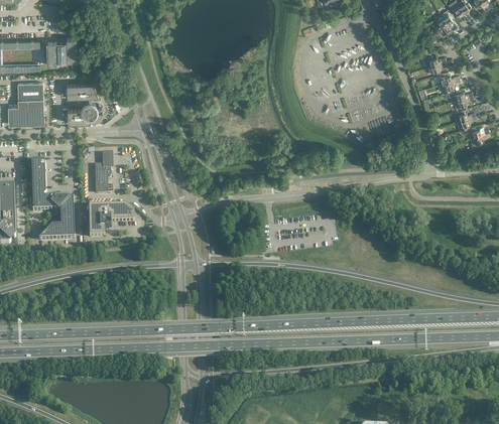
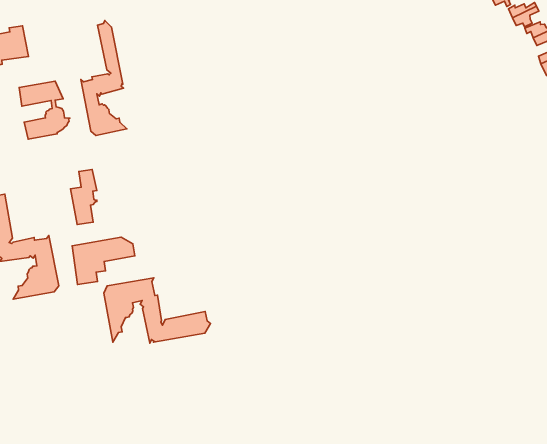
building: none -> [81,20,127,136]
building: none -> [104,278,210,343]

